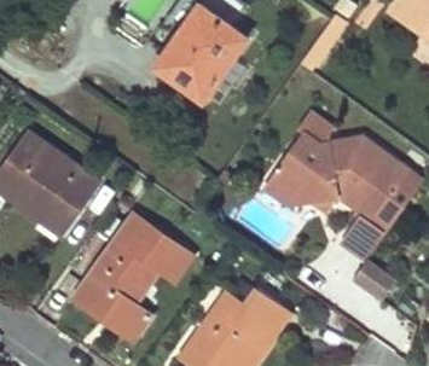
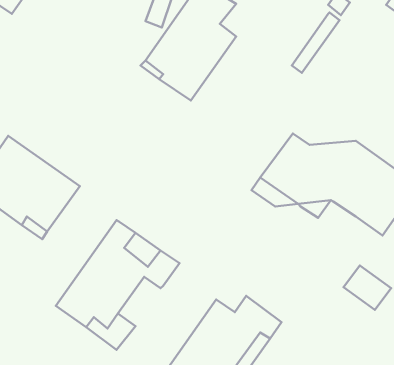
building: [342,211,388,258] -> none

